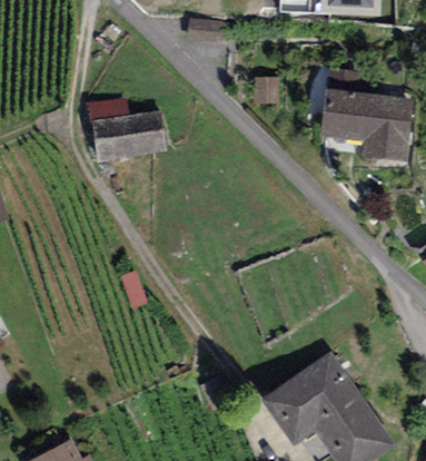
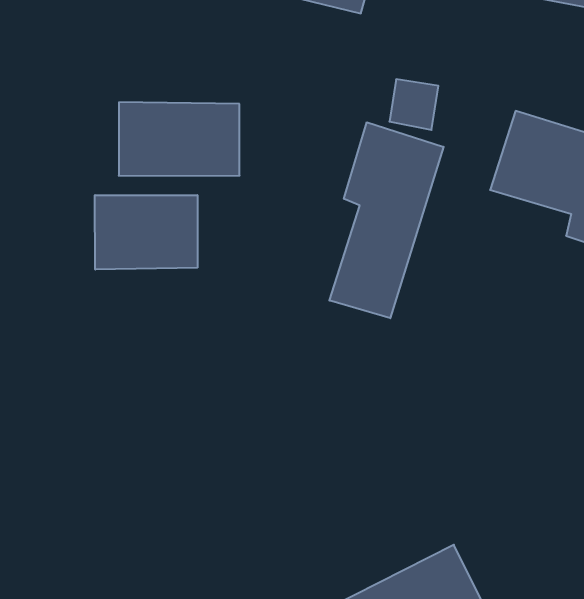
building: none -> [329,122,444,318]
building: none -> [95,195,197,270]

